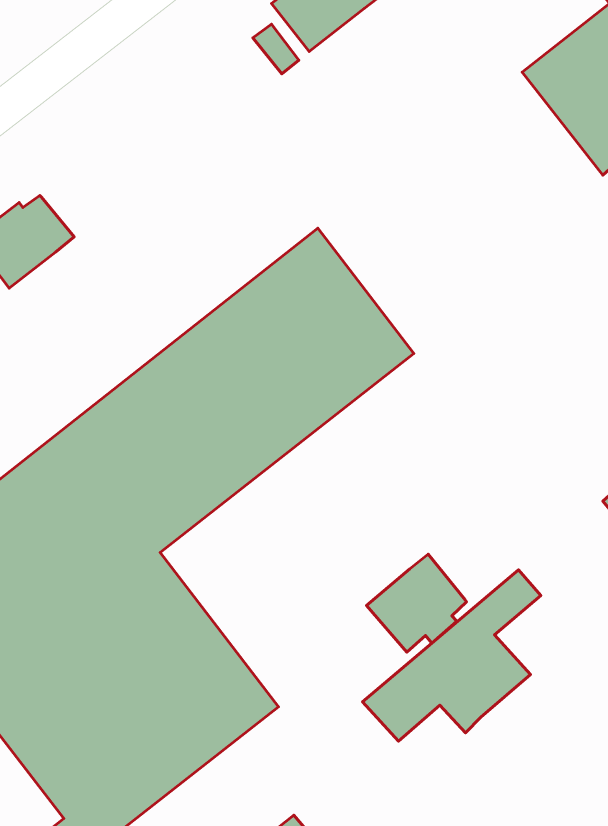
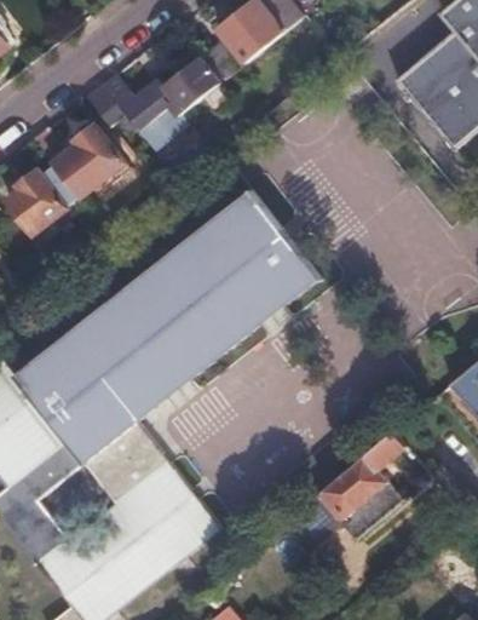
building: none -> [87,62,218,155]
building: none -> [35,128,122,195]
building: [367,554,467,652] -> none

